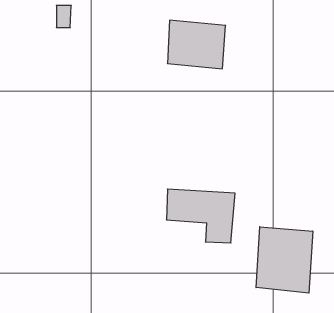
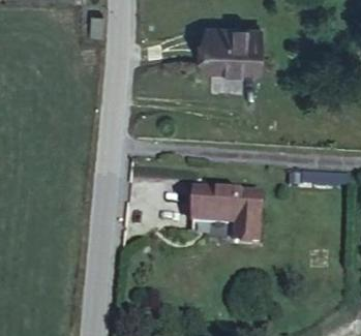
building: [256,227,313,293] -> none

